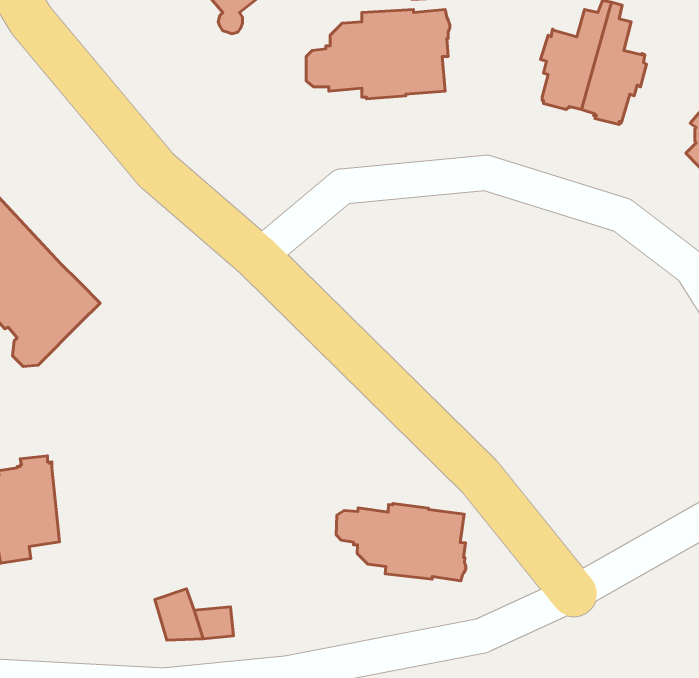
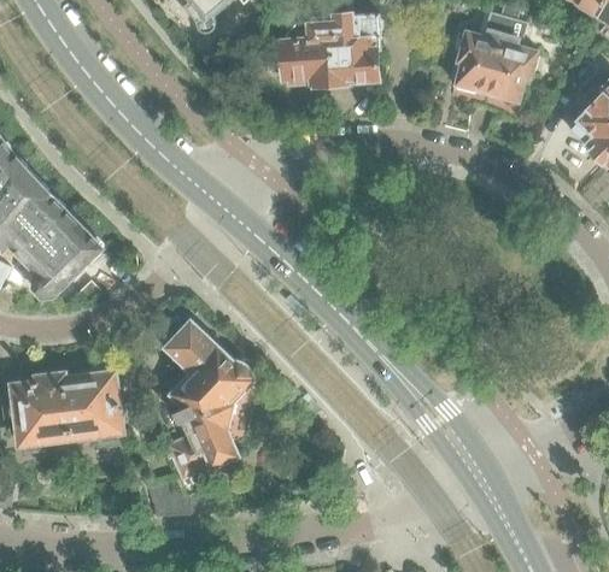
building: none -> [158,322,253,477]
building: none -> [65,366,127,443]
building: [336,504,466,581] -> none

